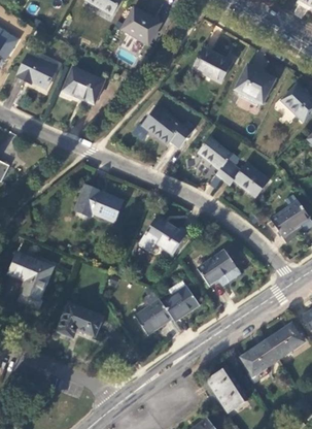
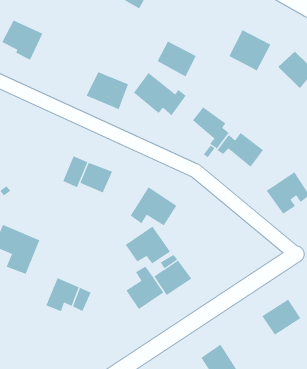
building: [193,48,231,84] -> [157,41,197,77]
building: [62,67,103,104] -> [86,71,129,110]
building: [197,250,241,287] -> [125,226,171,264]
building: [240,340,278,375] -> none

